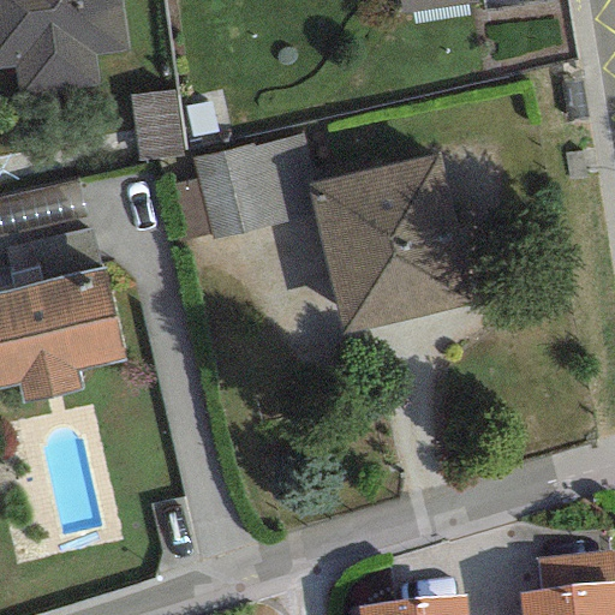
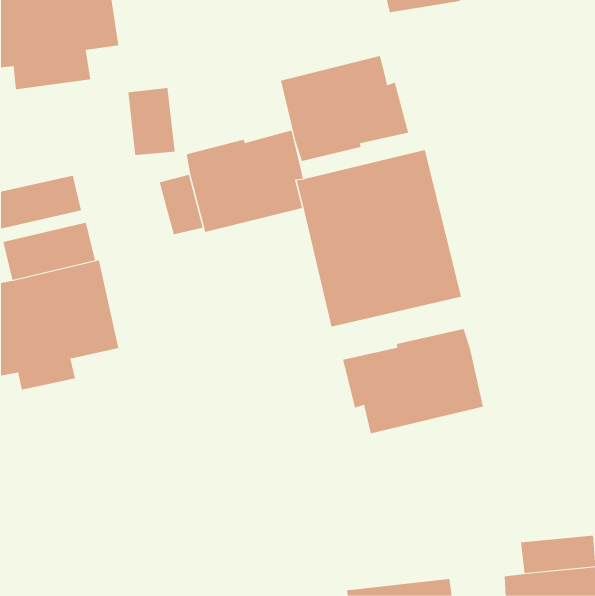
building: none -> [280,55,409,162]
building: none -> [342,328,484,434]

